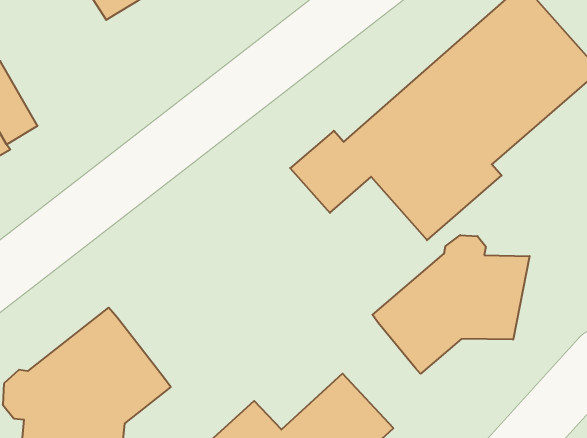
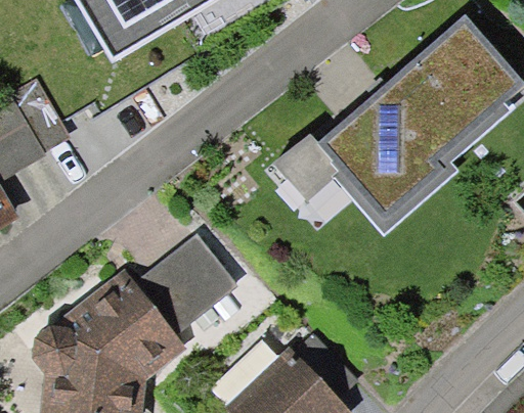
building: [372,235,530,374] -> none
building: none -> [129,241,233,342]

